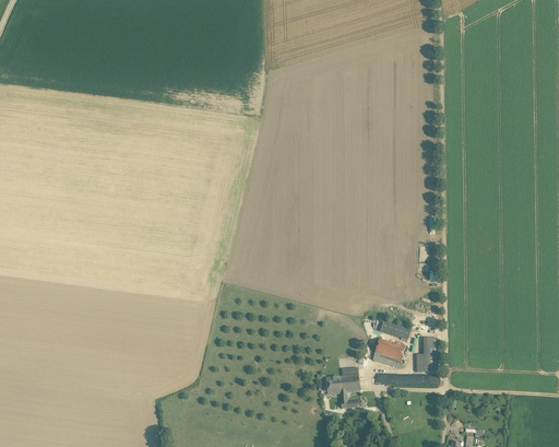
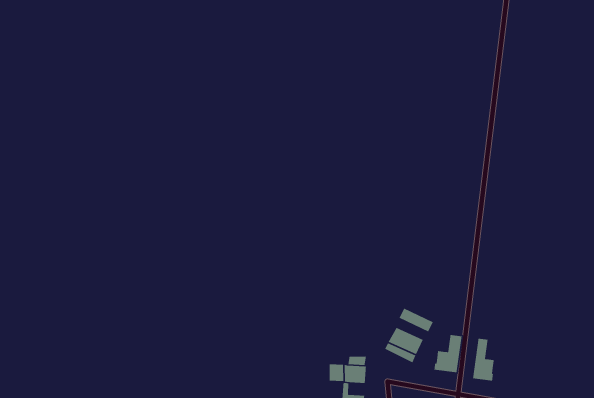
building: none -> [472,338,496,381]

